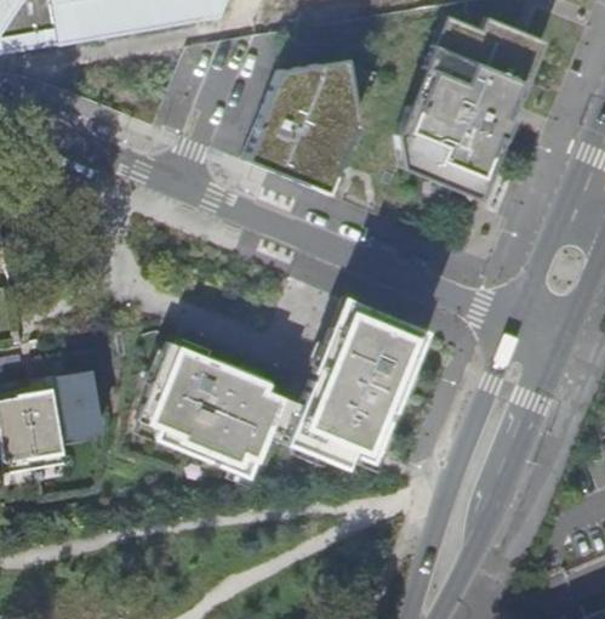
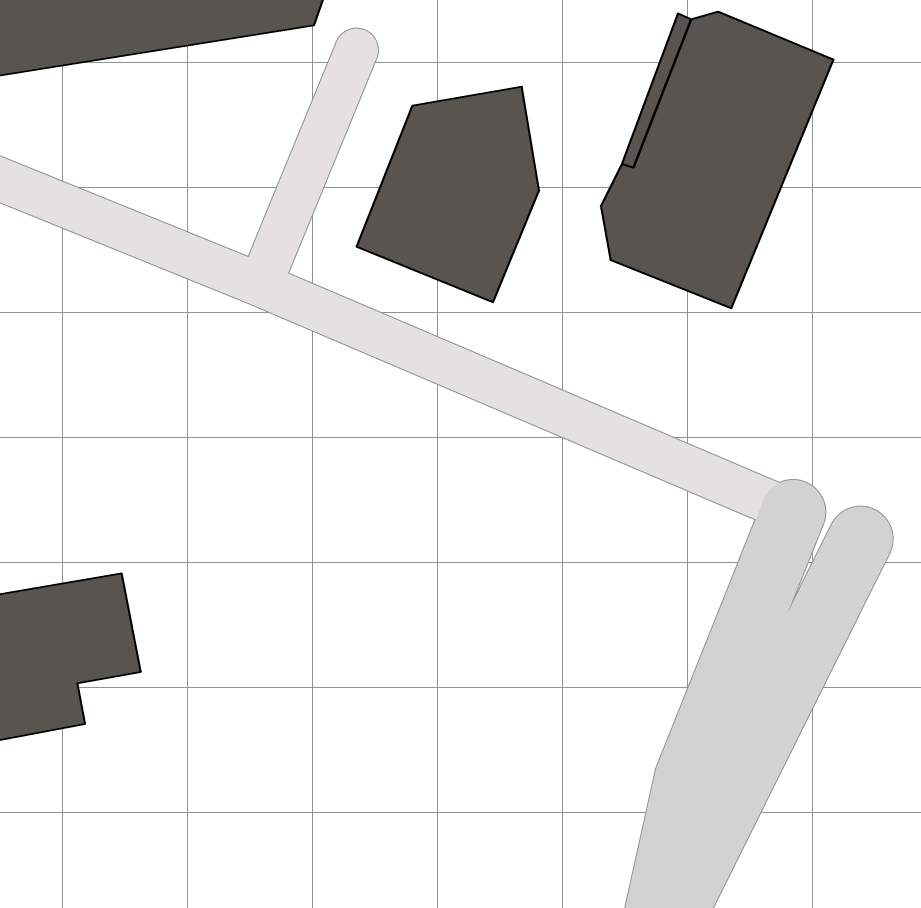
building: [143,296,430,471] -> none

